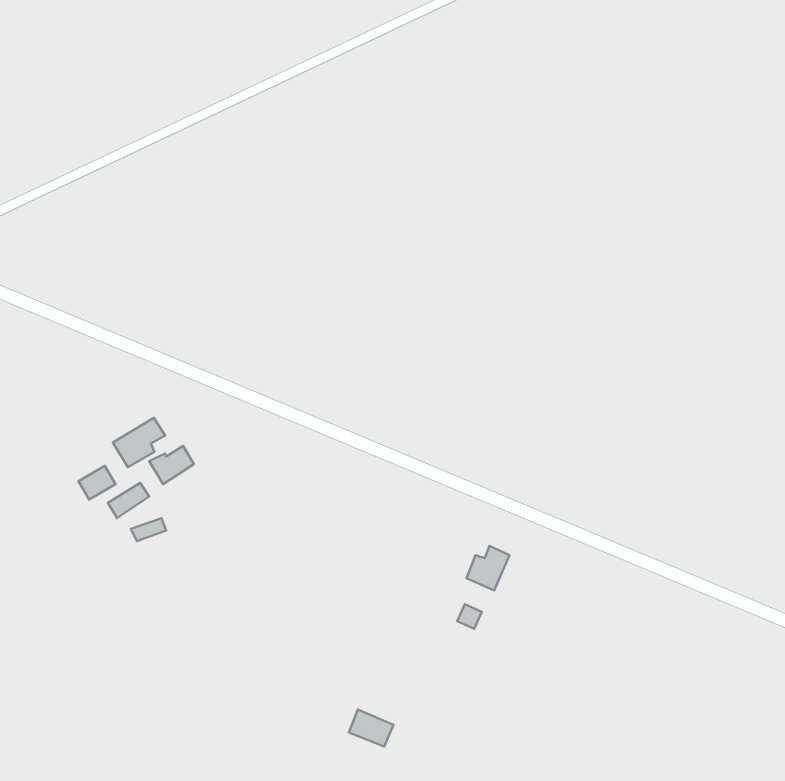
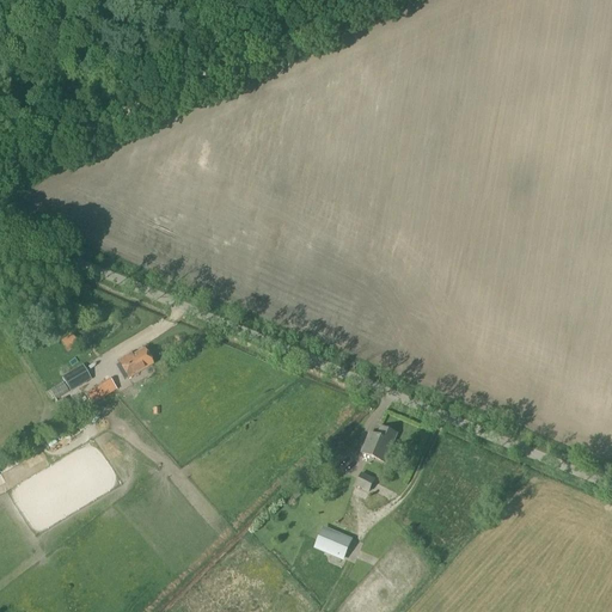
building: [113,418,165,467] -> none
building: [349,709,393,746] -> [317,527,351,556]

